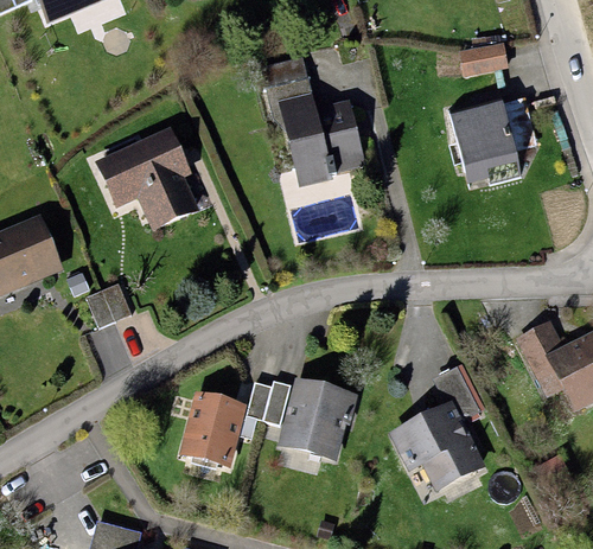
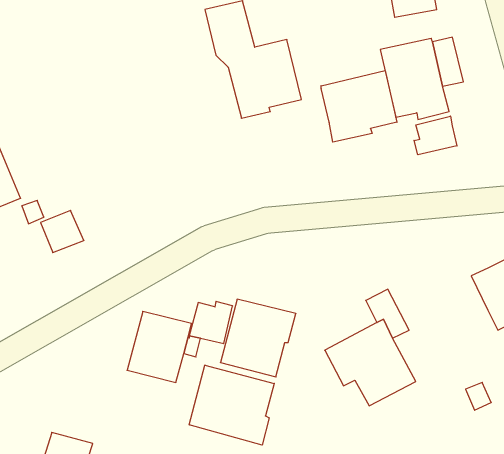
building: [95,126,199,229] -> none
building: none -> [321,71,397,142]
building: none -> [414,116,457,155]
building: [515,319,563,398] -> none
building: none -> [189,365,274,445]

